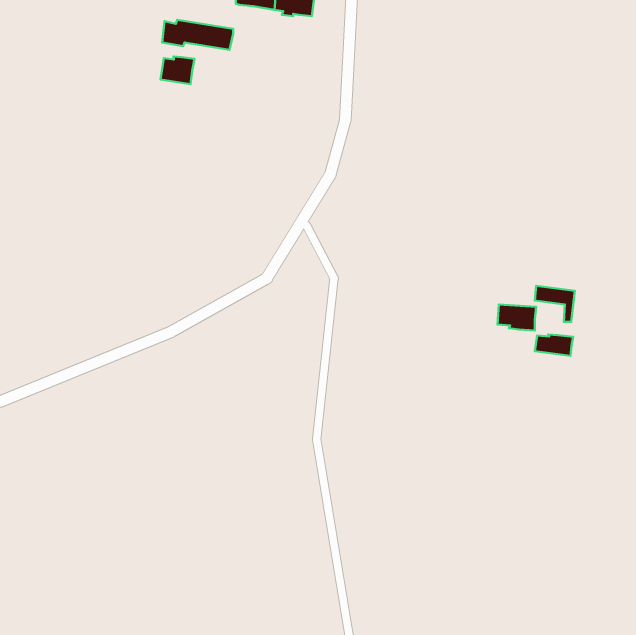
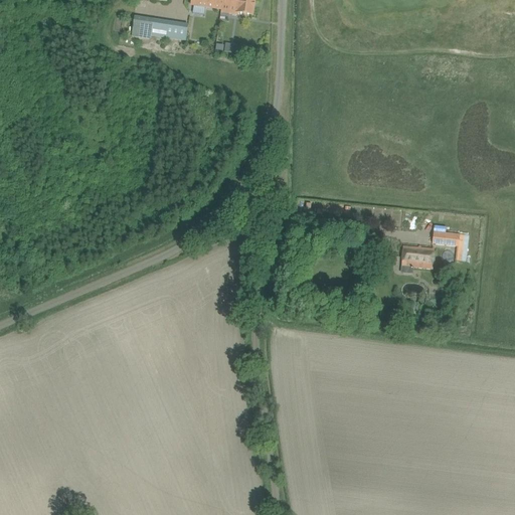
building: [160,57,195,84] -> none
building: [535,334,573,356] -> none

